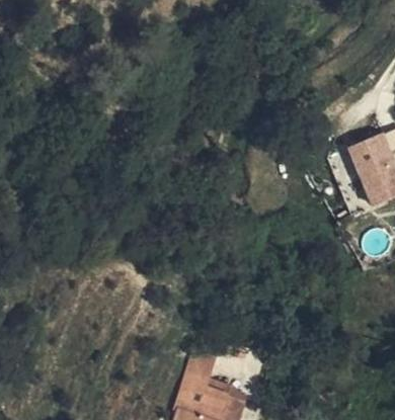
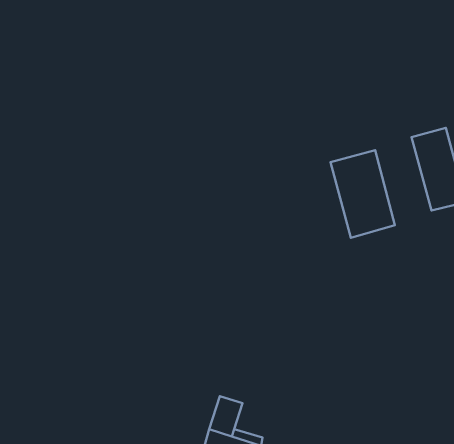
building: none -> [331,150,395,238]

